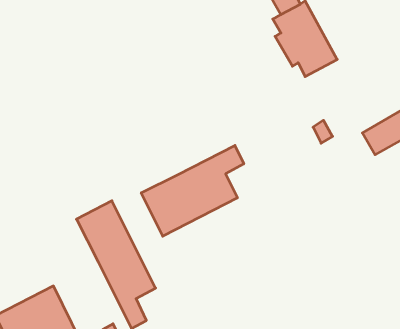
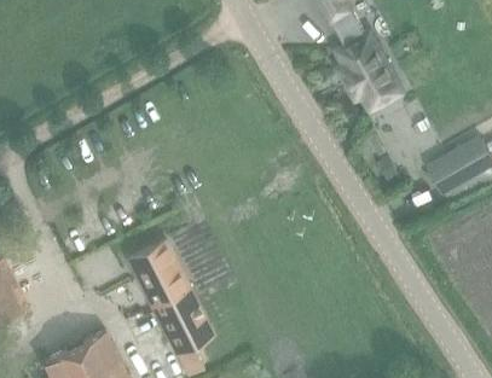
building: [141,145,244,236] -> none

